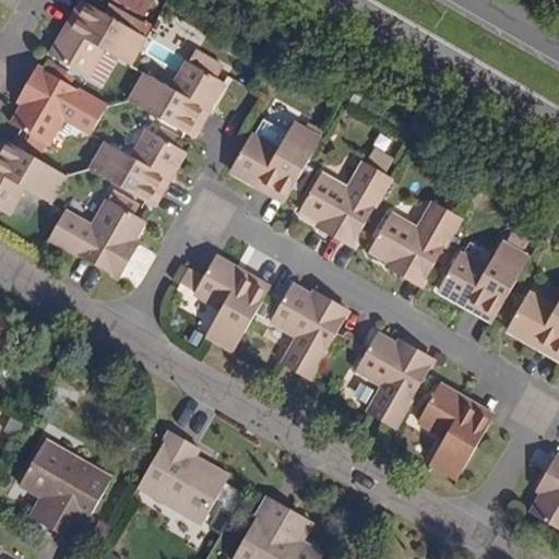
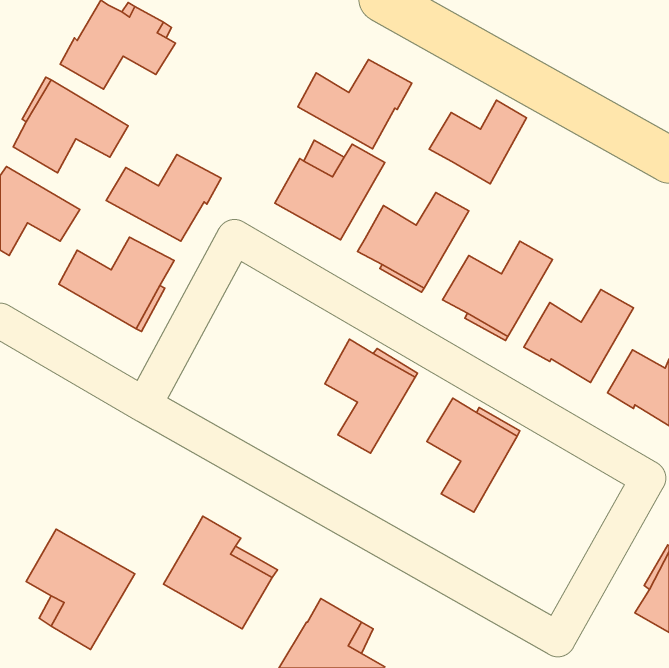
building: [129,59,224,133] -> [298,60,412,149]
building: none -> [429,100,526,184]
building: [180,253,269,350] -> none
building: [418,383,492,478] -> none

